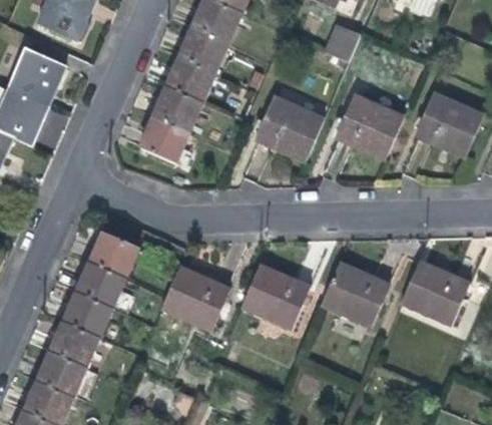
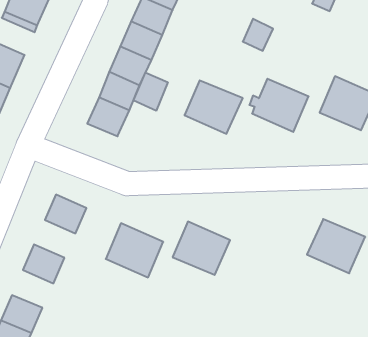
building: none -> [133,73,168,111]
building: [76,262,125,307] -> none
building: [321,262,388,325] -> none
building: [50,321,99,366] -> none

